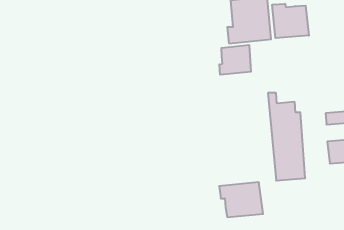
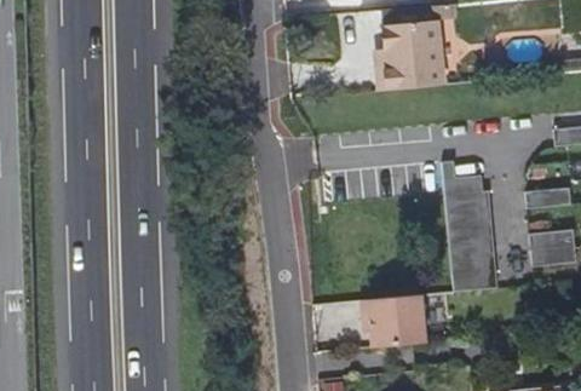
building: [272,4,309,38] -> none
building: [219,45,251,75] -> none

